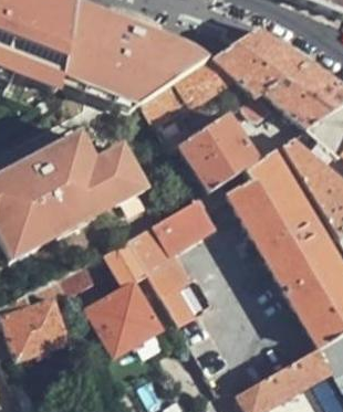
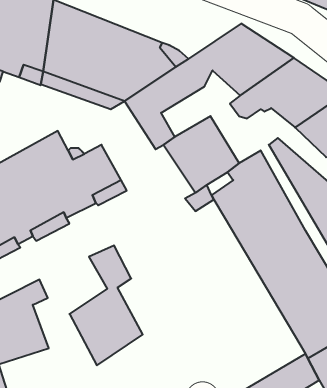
building: [133,200,215,328] -> none

